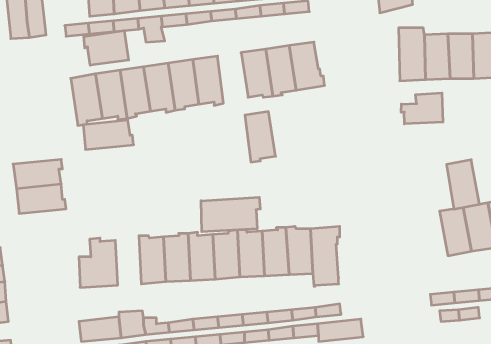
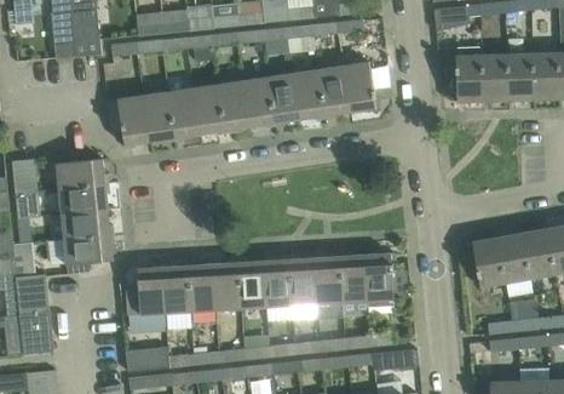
building: [84,31,129,65] -> none
building: [401,93,443,124] -> none
building: [245,112,276,162] -> [267,73,299,125]
building: [83,120,134,149] -> [54,158,107,188]
building: [447,160,480,209] -> [471,236,505,287]
building: [201,197,260,232] -> none
building: none -> [63,234,113,264]
building: none -> [162,262,189,313]

